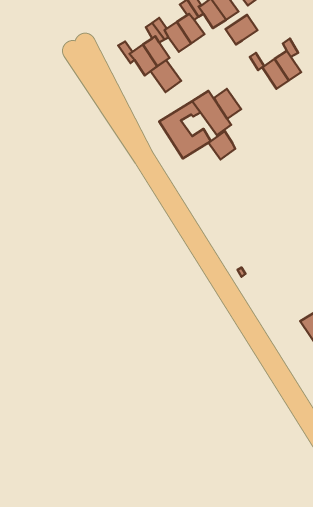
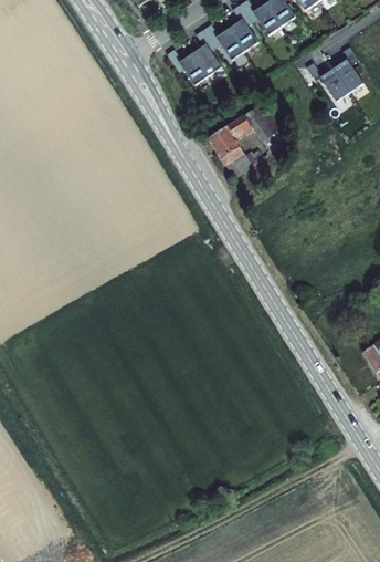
building: [226,15,257,45] -> none
building: [151,60,181,92] -> none
building: [214,89,241,119] -> none
building: [208,131,235,159] -> none

